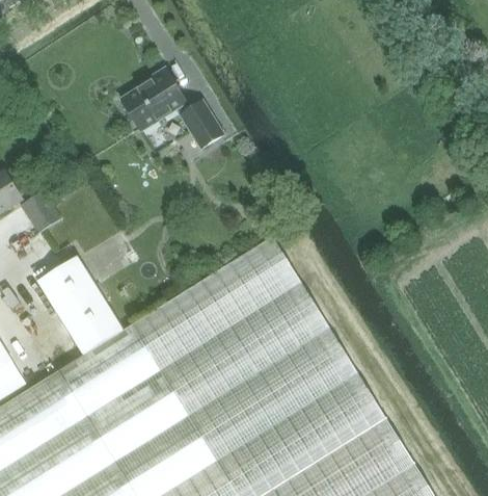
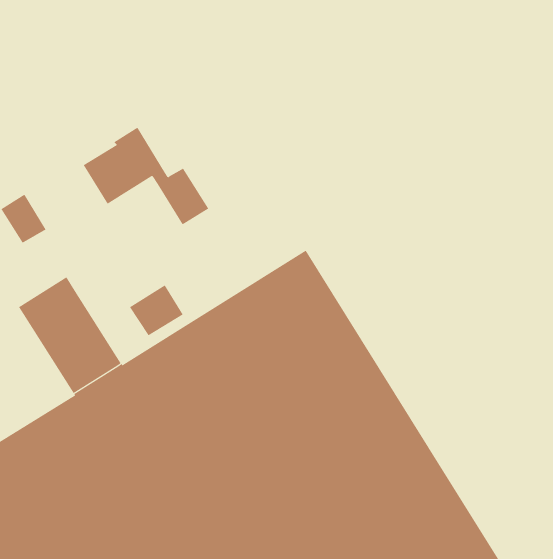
building: [121,70,224,150] -> [83,127,209,225]
building: none -> [129,284,183,336]

